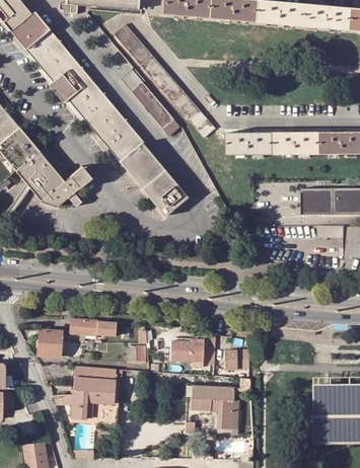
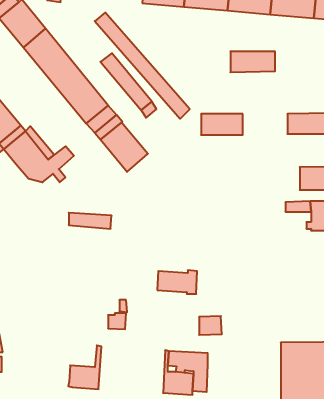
building: [272,133,319,155] -> [230,51,275,72]
building: [148,175,188,215] -> none
building: [300,189,333,214] -> none
building: [71,319,117,336] -> [69,213,112,229]
building: [39,329,63,357] -> none
building: [171,338,214,364] -> [157,270,197,294]
building: [54,366,116,418] -> none

